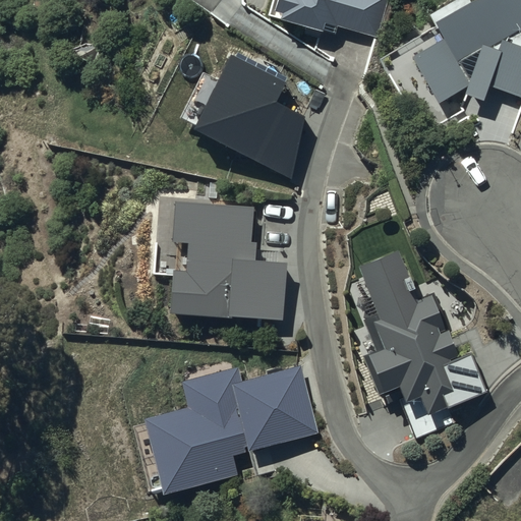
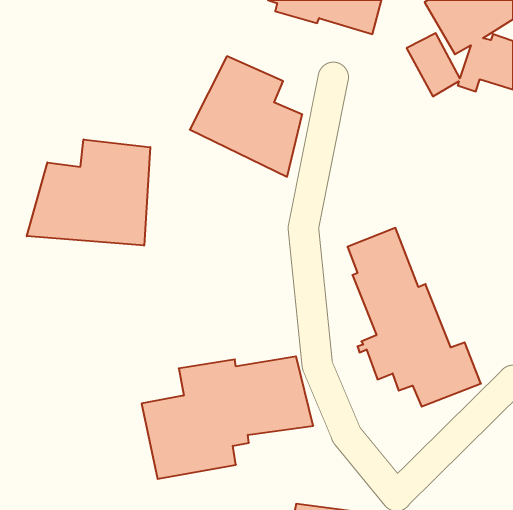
building: none -> [27,139,150,246]
building: [166,201,286,326] -> none

